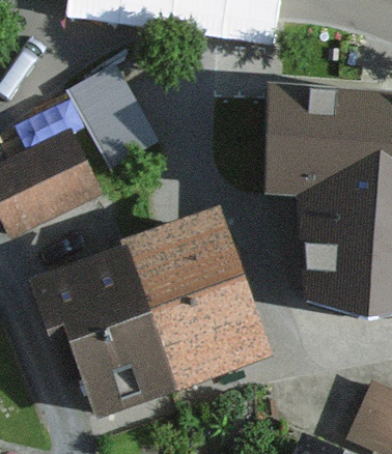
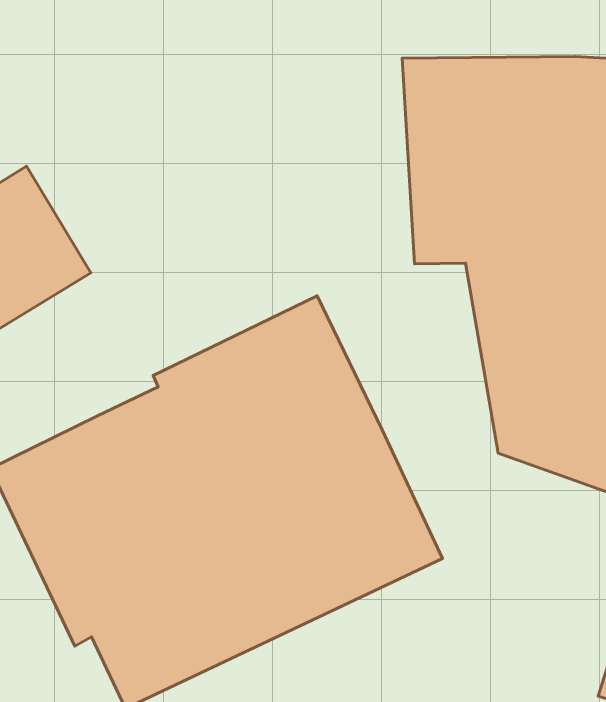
building: [68,58,157,160] -> none

